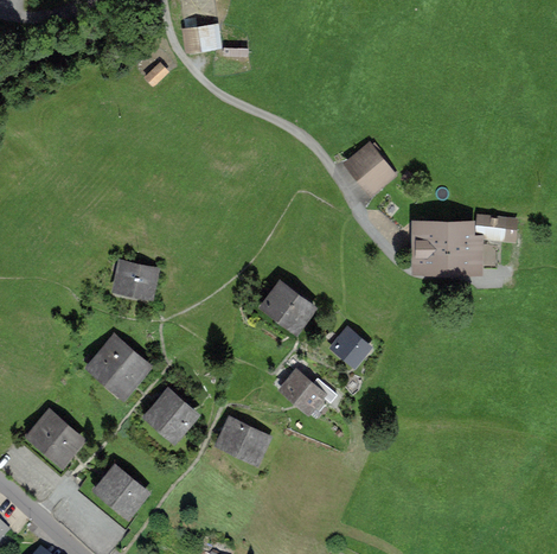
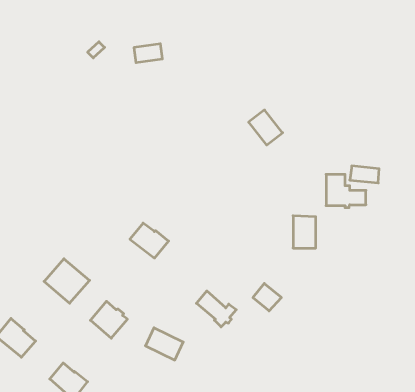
building: [184,24,219,47] -> [134,44,162,63]
building: [415,228,443,268] -> [293,216,316,248]
building: [116,260,154,292] -> none
building: [263,285,312,329] -> [130,223,169,258]
building: [331,331,366,365] -> [253,283,281,311]

